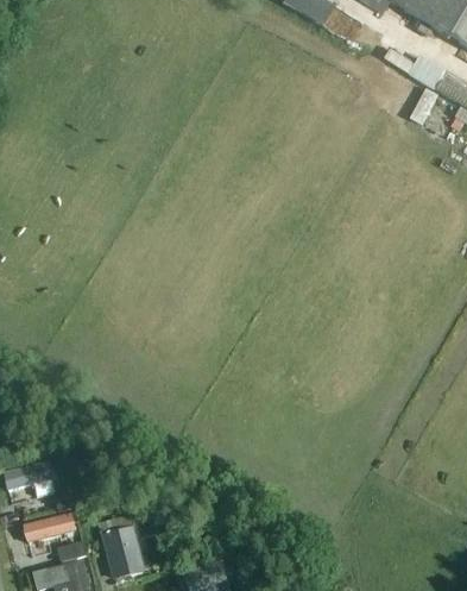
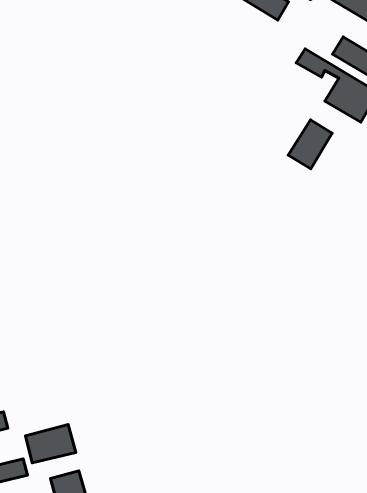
building: none -> [288,120,332,169]
building: none -> [25,425,76,463]

